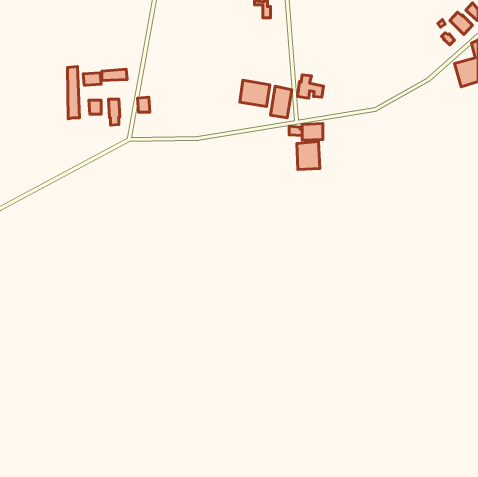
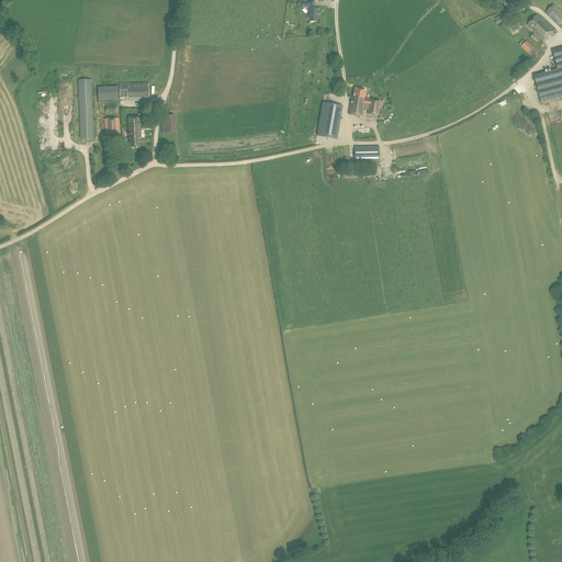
building: [240,80,270,107] -> none
building: [297,142,320,170] -> none

